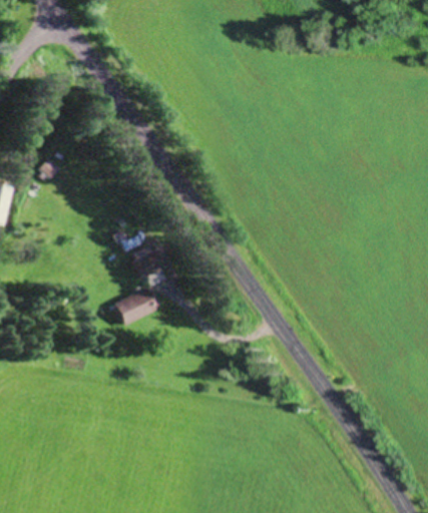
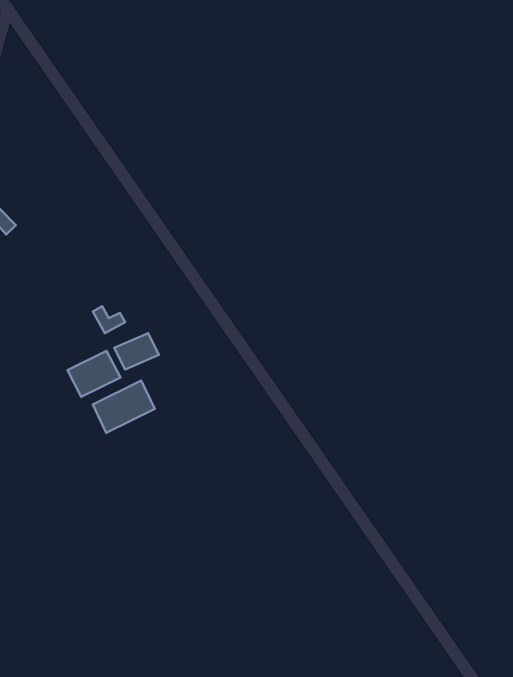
building: none -> [67,351,120,397]

